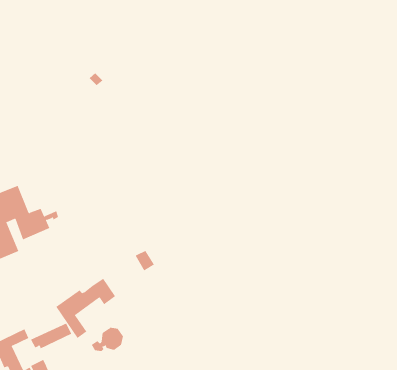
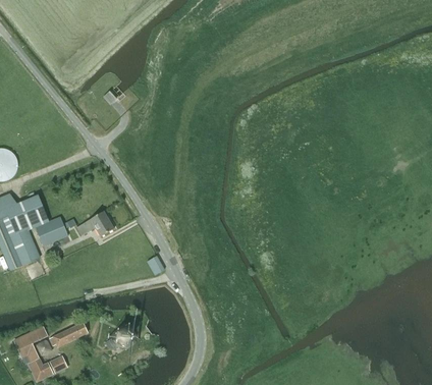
building: none -> [76,211,114,236]
building: [56,278,116,339] -> none

